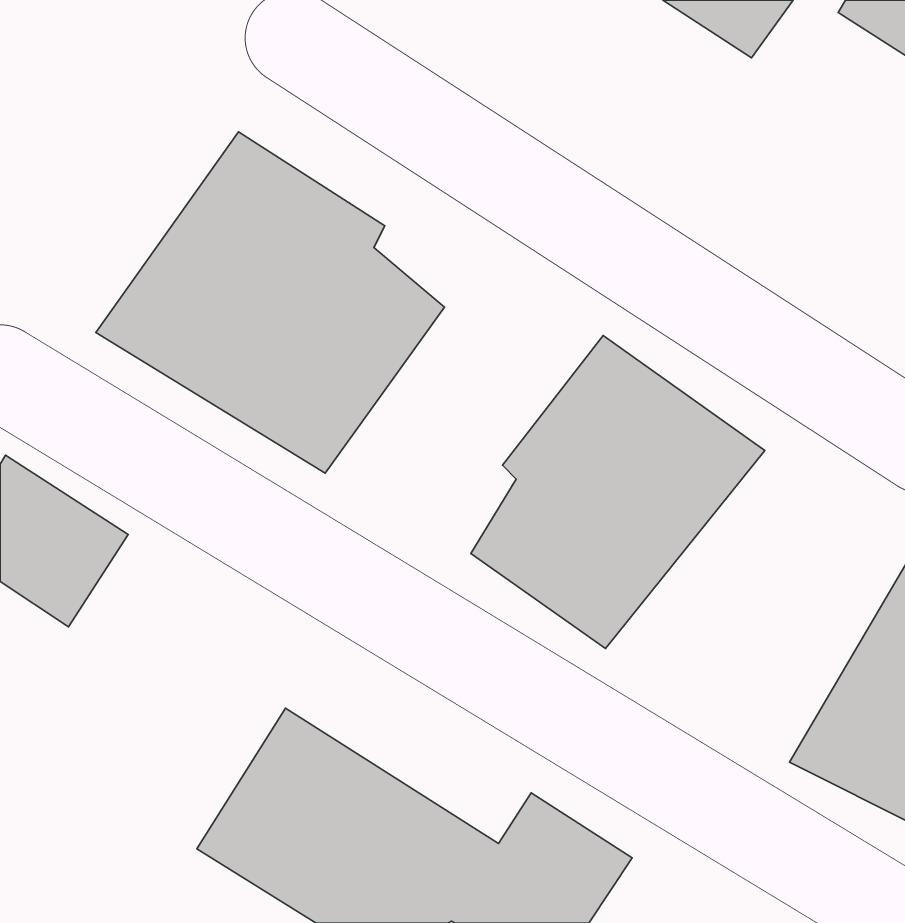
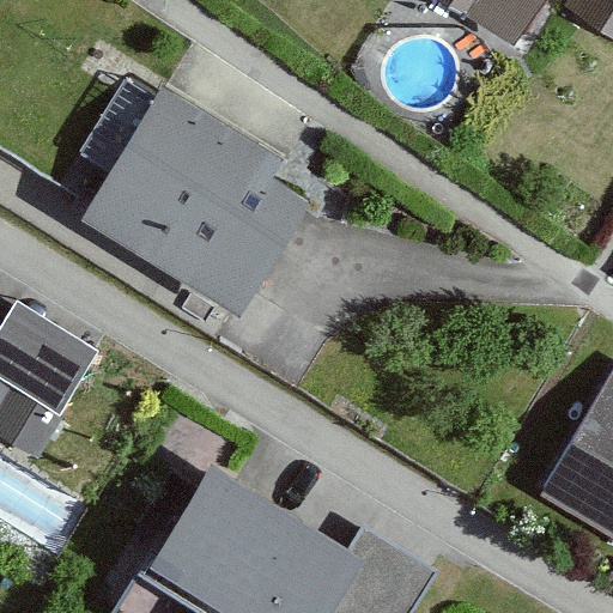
building: [471,336,765,649] -> none

